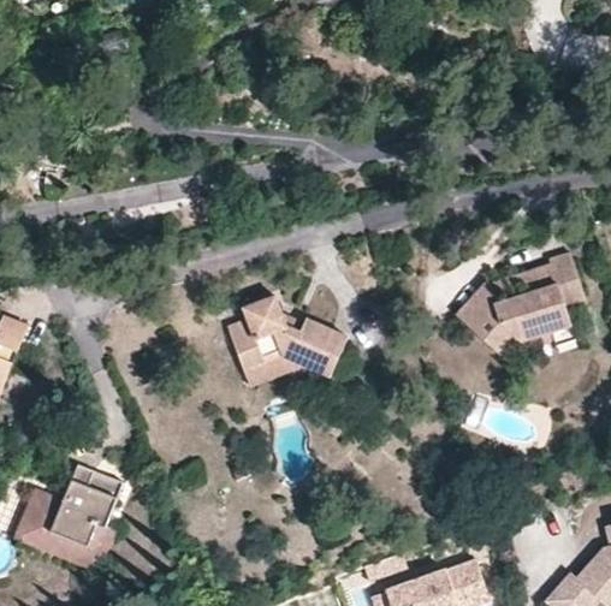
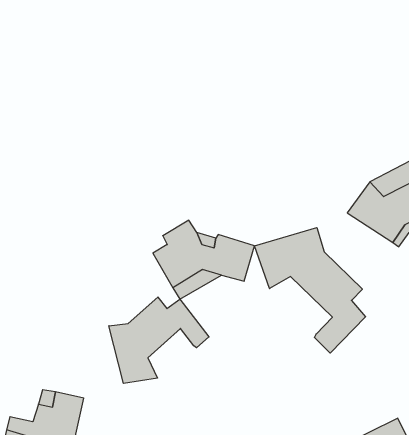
building: none -> [255,228,366,353]
building: none -> [109,297,209,383]

